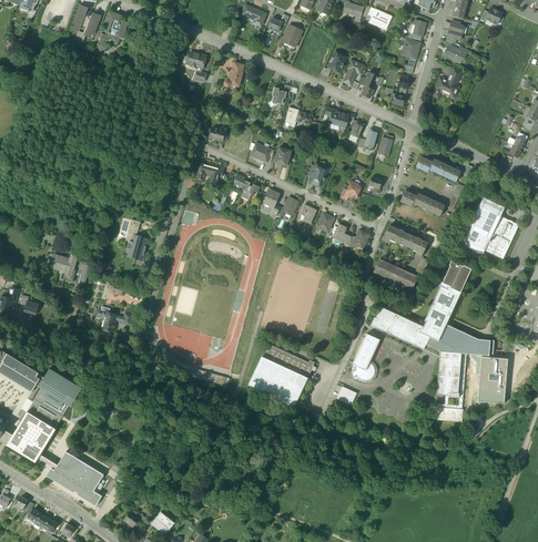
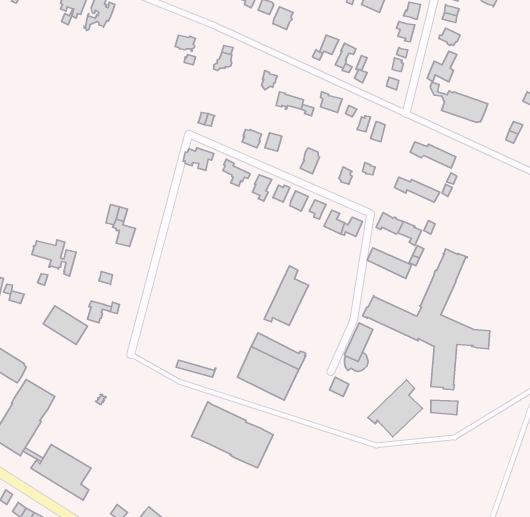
building: none -> [430,82,488,123]
building: [460,197,519,258] -> none
building: none -> [264,266,308,326]
building: [478,357,507,403] -> none
building: [39,368,82,406] -> [43,306,88,344]
building: none -> [368,380,422,437]
building: none -> [192,402,273,468]

